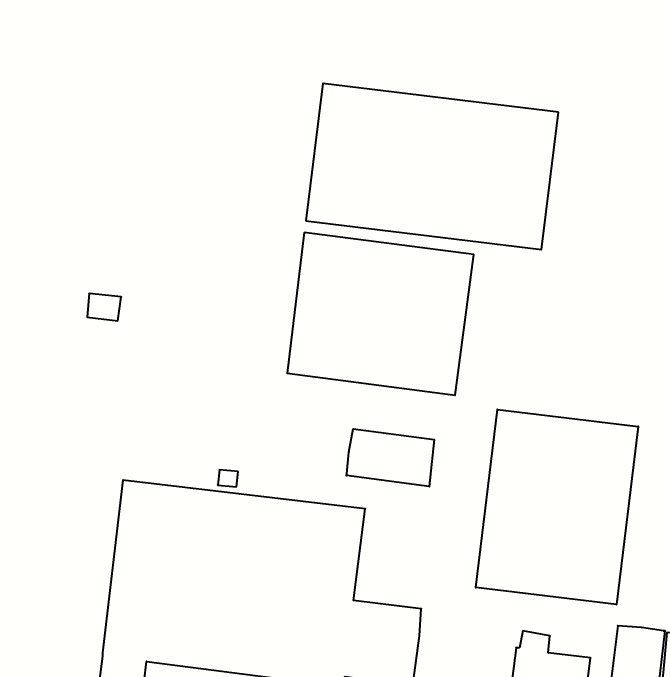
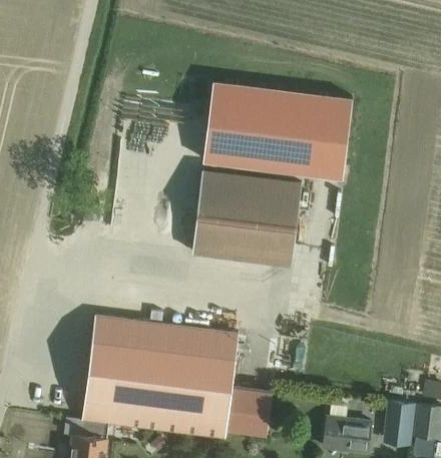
building: [476,409,638,605] -> none
building: [346,429,434,487] -> none

